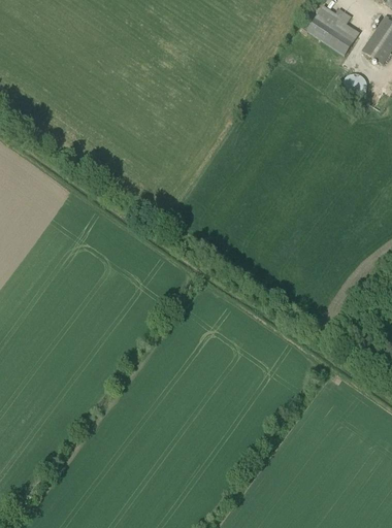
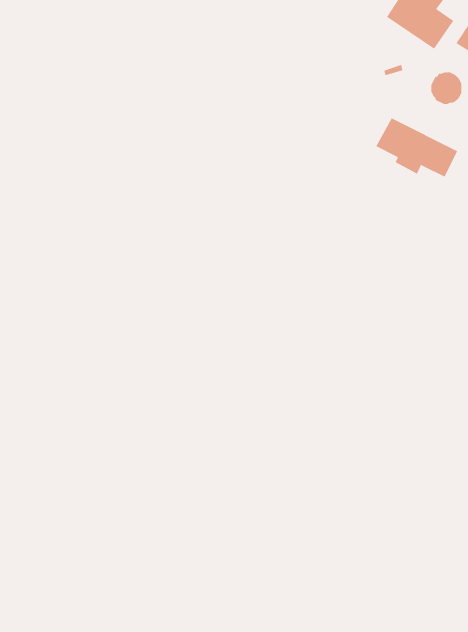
building: none -> [376,118,458,177]

